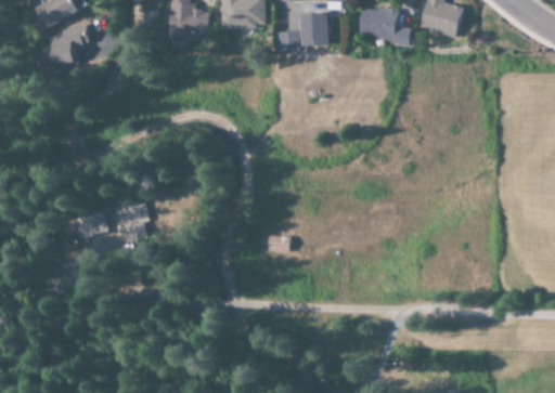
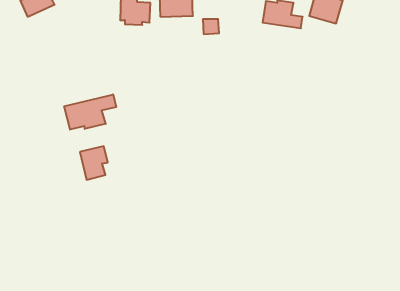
building: [299,13,327,44] -> none
building: [50,25,86,63] -> none
building: none -> [64,94,116,130]
building: [76,213,107,237] -> none

